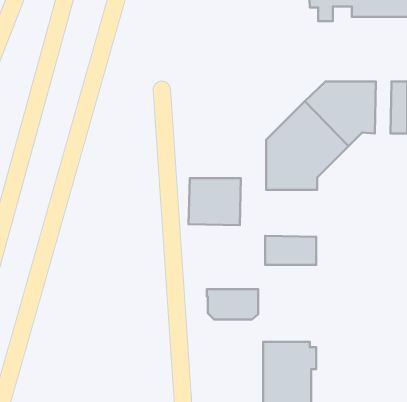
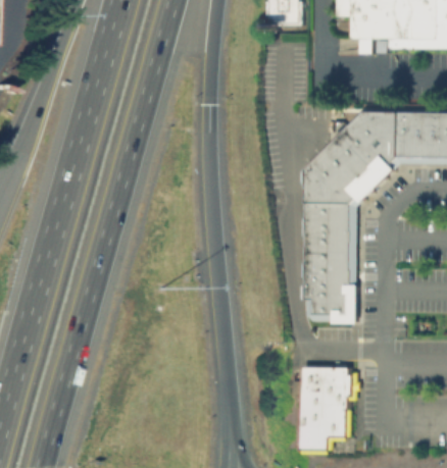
building: none -> [412,111,429,162]
building: [189,178,241,225] -> [305,217,356,263]
building: [207,289,258,319] -> [305,291,355,320]

